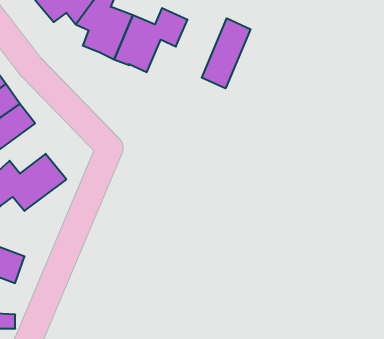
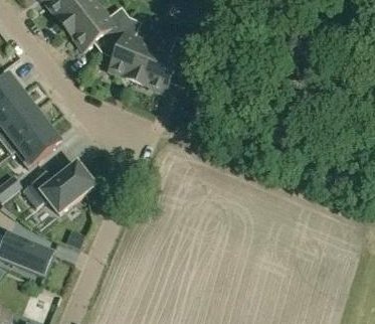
building: [202,18,250,88] -> none

